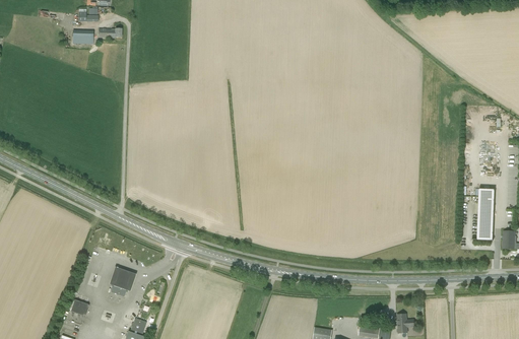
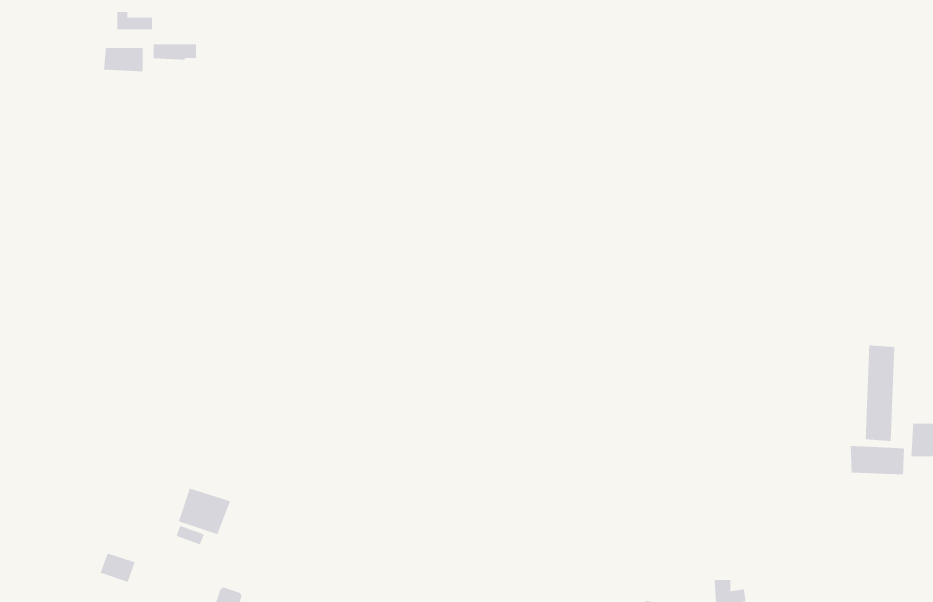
building: none -> [850,445,905,475]

